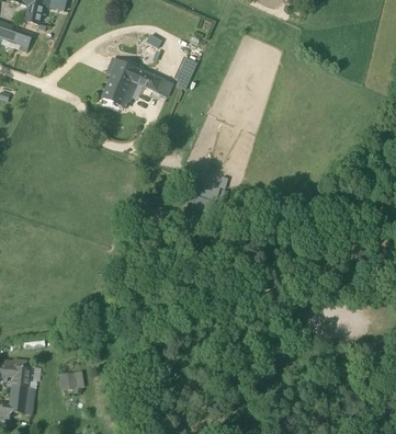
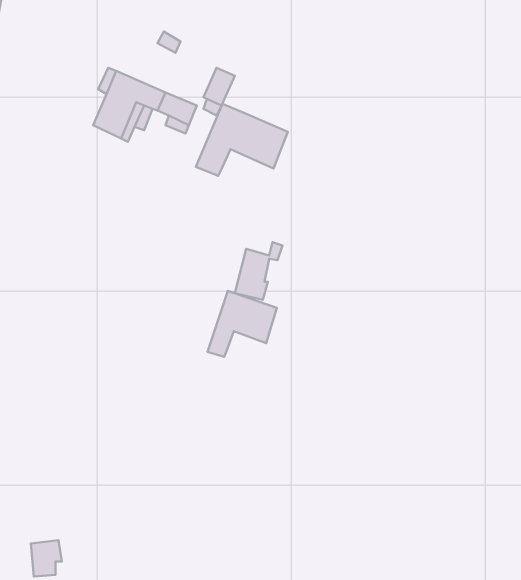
building: none -> [196,104,288,176]
building: none -> [208,291,277,357]

